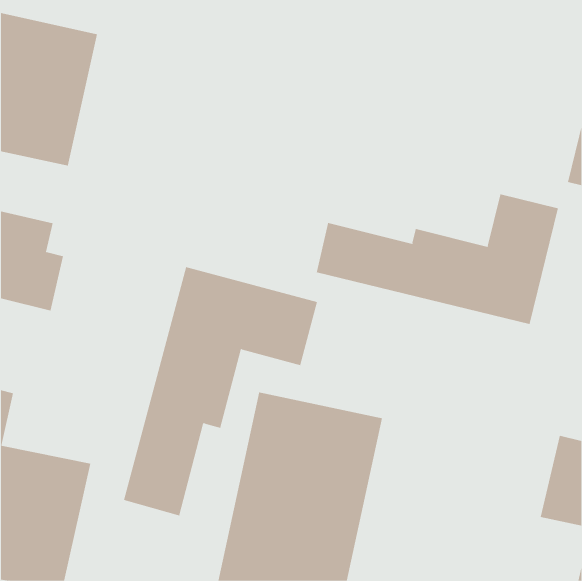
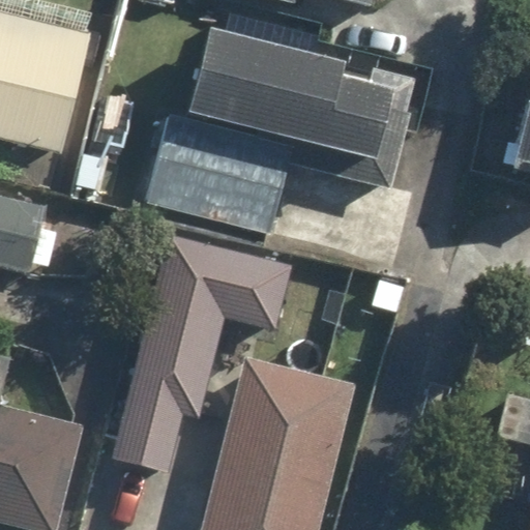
building: none -> [186,28,394,167]
building: none -> [151,122,289,232]
building: [316,194,558,325] -> none

